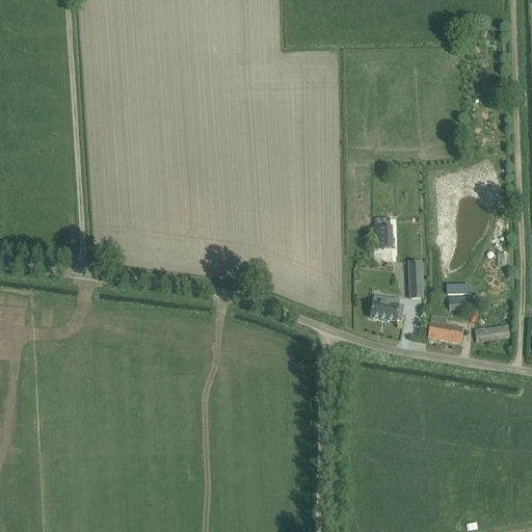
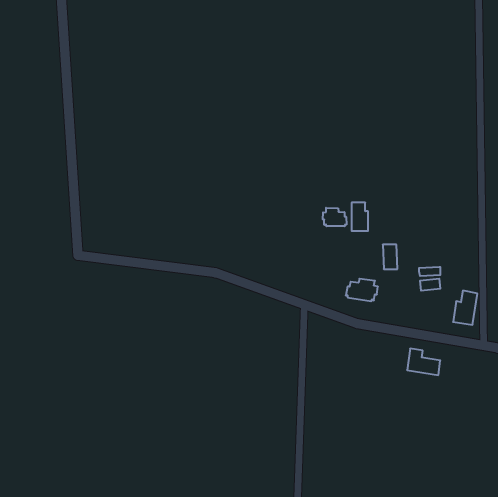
building: none -> [323,208,346,226]
building: [427,314,462,342] -> [407,349,440,375]

